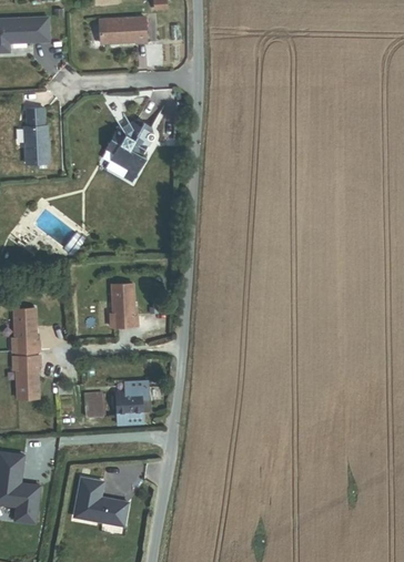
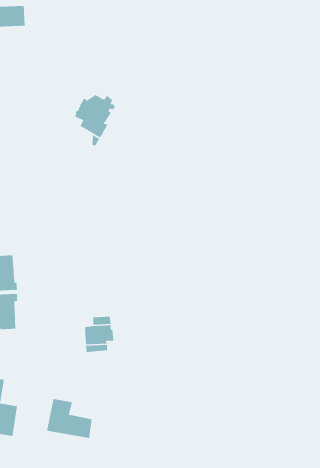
building: [99,17,147,43] -> none
building: [24,108,49,163] -> none
building: [111,284,138,326] -> none
building: [85,394,105,418] -> none

